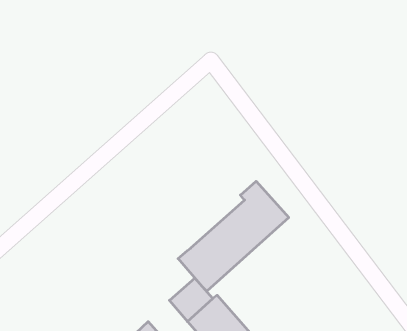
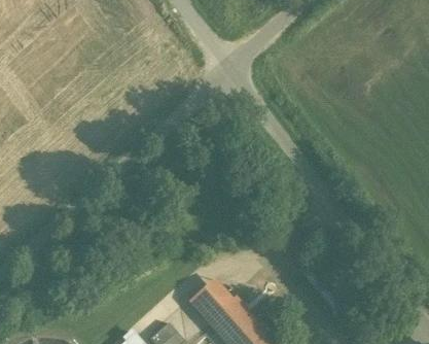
building: [178,181,289,291] -> none

